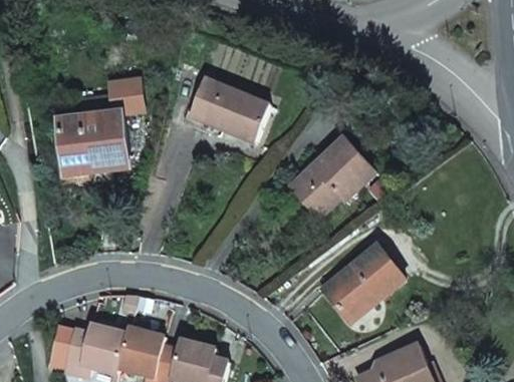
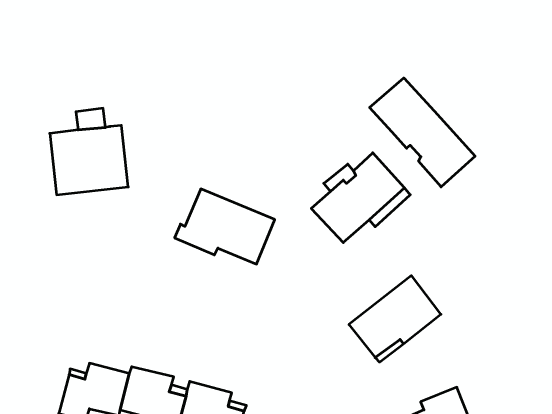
building: none -> [370,78,475,187]
building: [181,76,269,142] -> [175,189,275,264]
building: [108,80,142,113] -> none

